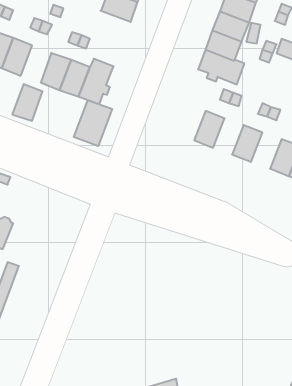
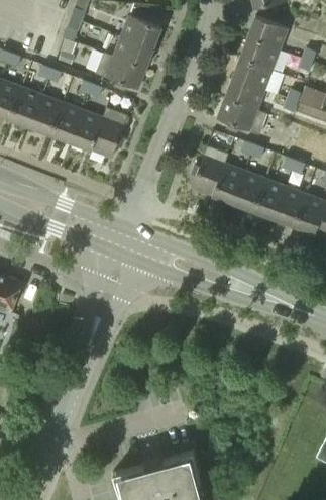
building: none -> [95,52,145,90]
building: [12,84,43,121] -> [28,94,61,133]
building: none -> [191,145,228,195]
building: [74,100,112,146] -> none
building: none -> [233,172,265,210]
building: none -> [274,187,306,225]

